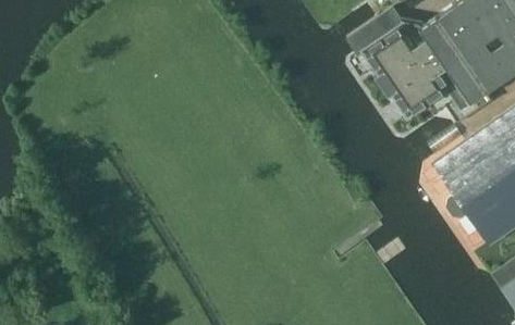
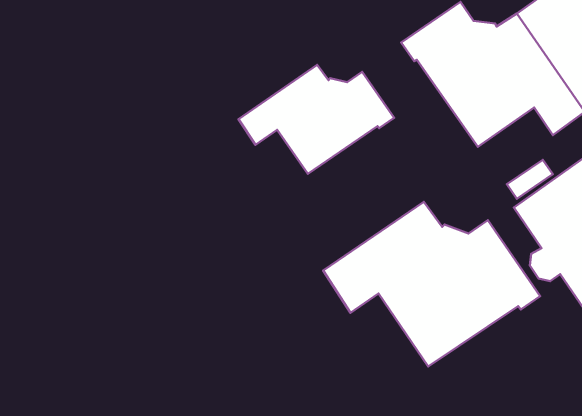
building: none -> [239,65,394,174]
building: none -> [323,202,540,366]

